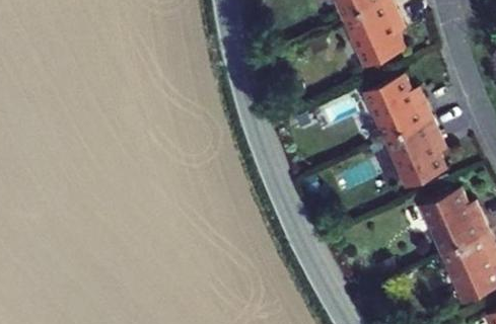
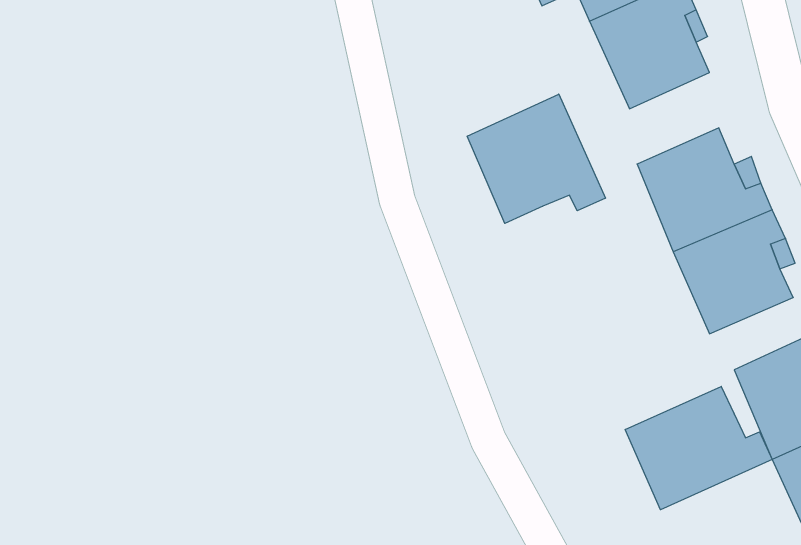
building: none -> [467,94,605,223]
building: none -> [625,386,772,510]

